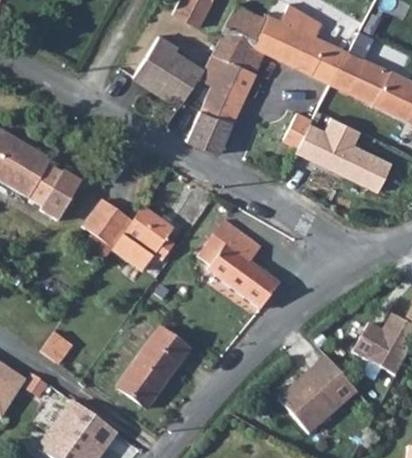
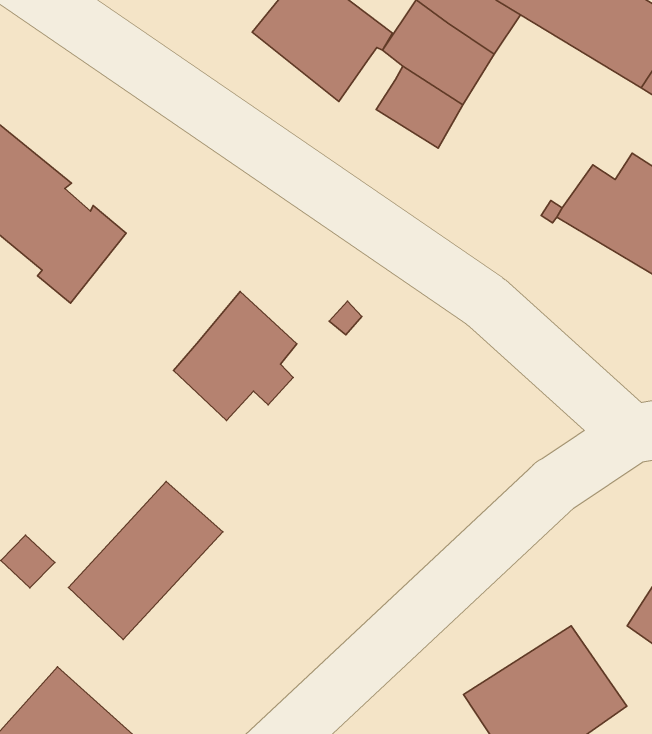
building: [186,108,233,153] -> none
building: [82,200,131,249] -> none
building: [208,220,278,309] -> none
building: [115,328,189,409] -> [69,482,223,639]

